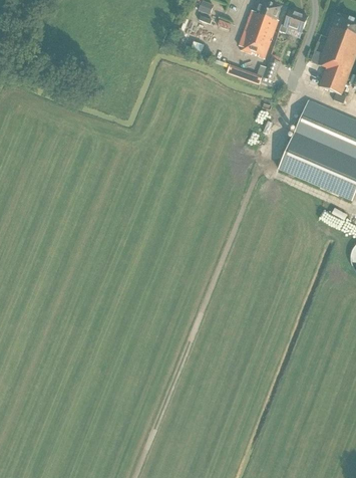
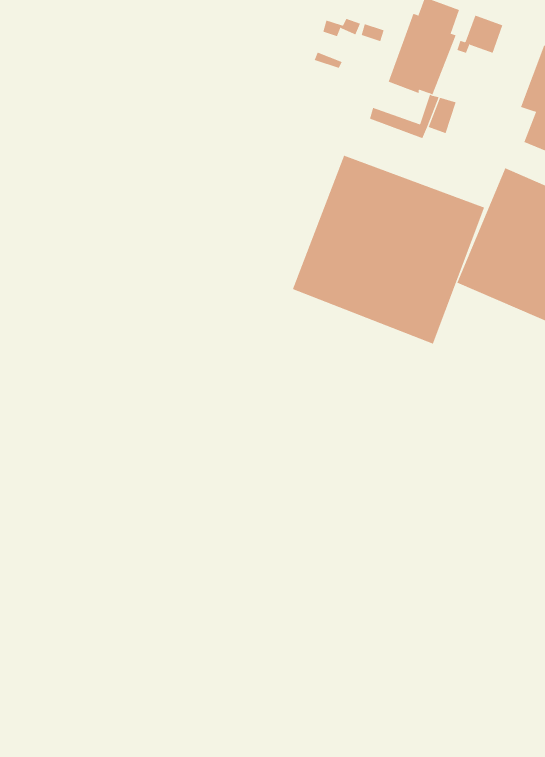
building: none -> [292,155,485,344]

